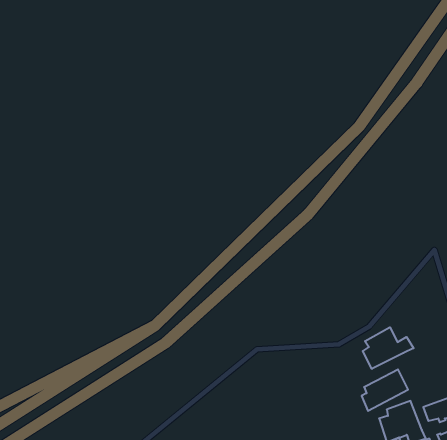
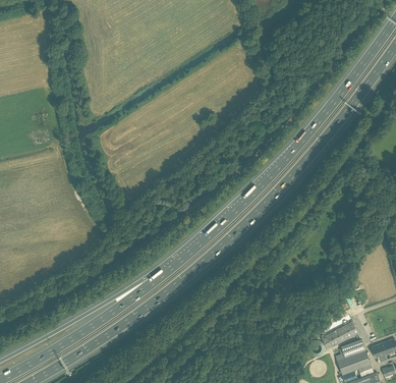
building: [363,327,414,369] -> none

